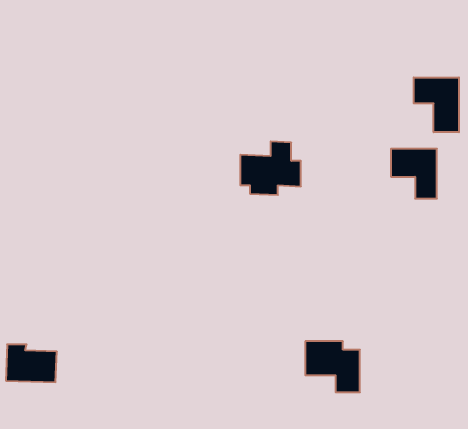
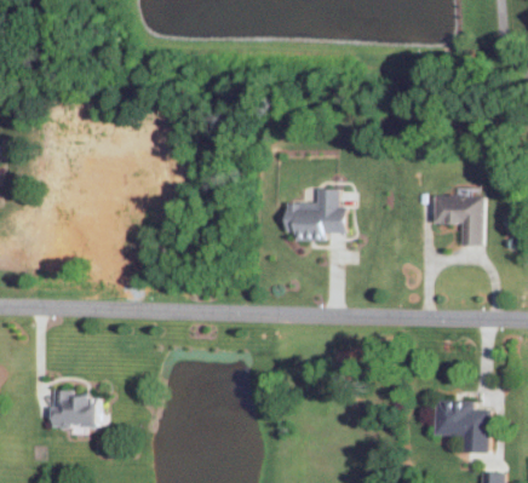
building: [414,77,459,132] -> none
building: [305,341,360,392] -> [435,401,489,452]

